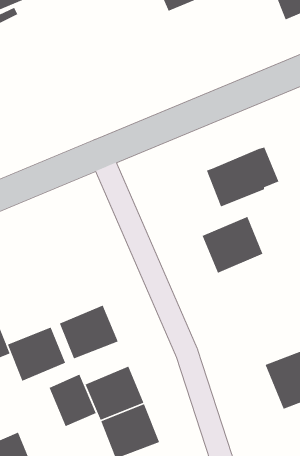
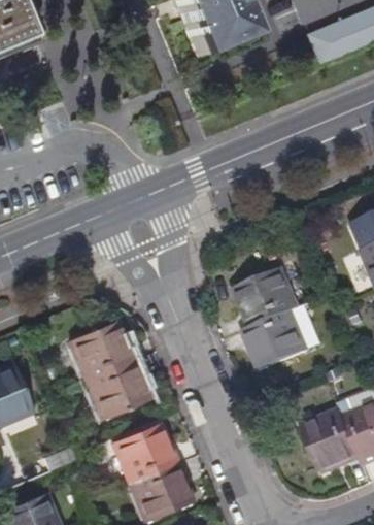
building: [206,146,279,208] -> [245,305,322,369]
building: [7,327,66,382] -> [70,322,132,380]
building: [48,374,97,427] -> none

